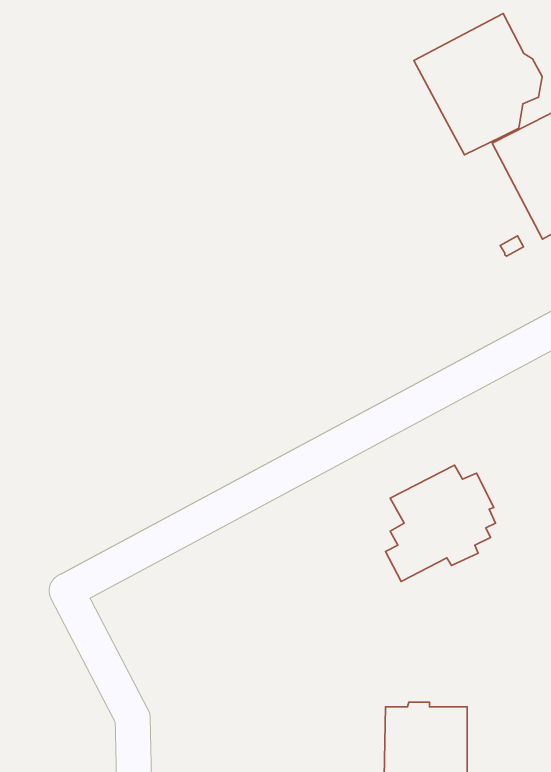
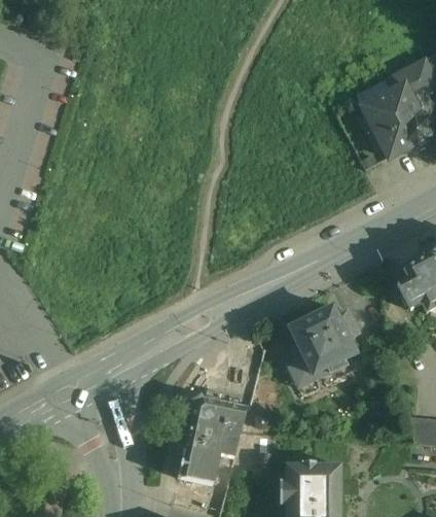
building: [414,13,542,155] -> none
building: none -> [176,398,247,484]

